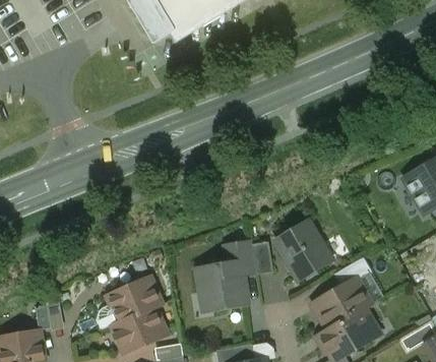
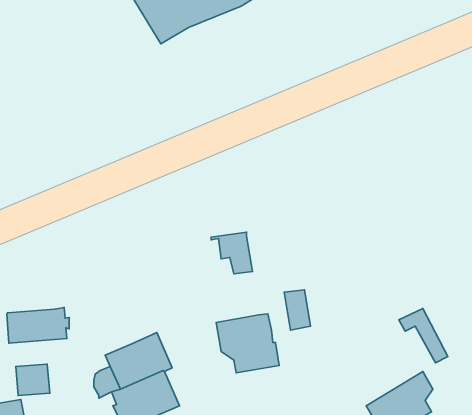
building: [273,220,331,281] -> none
building: [223,241,256,275] -> [211,232,253,274]
building: none -> [7,308,69,343]
building: [312,279,370,329] -> none

